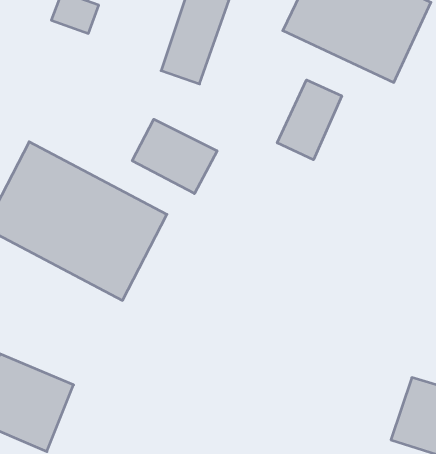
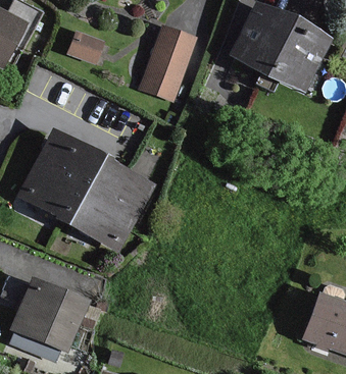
building: [277,80,342,160] -> none
building: [132,119,217,194] -> none

